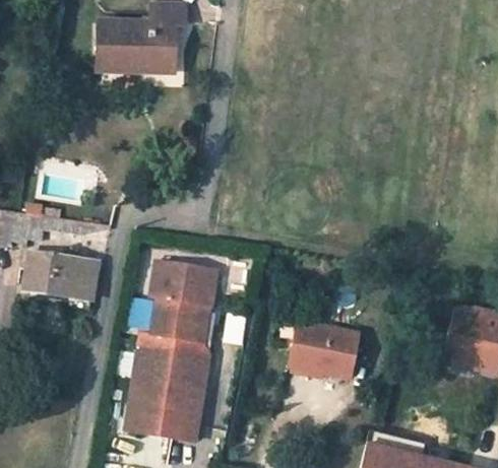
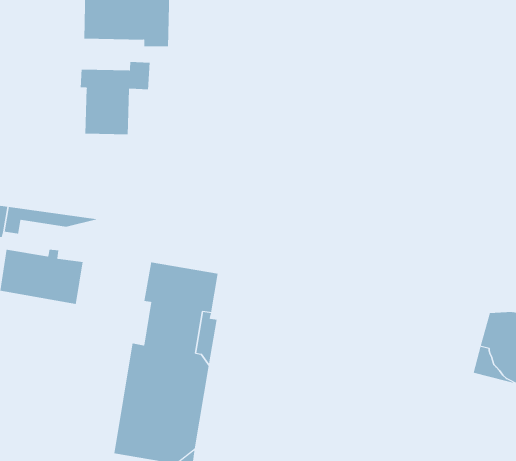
building: none -> [80,61,150,135]
building: [289,321,358,378] -> none

